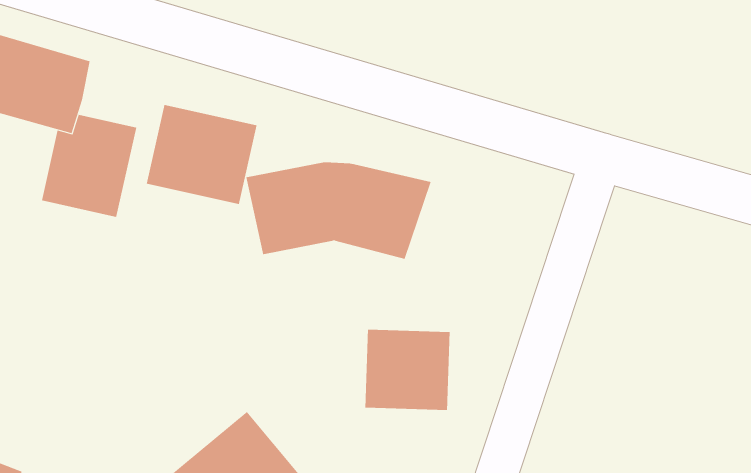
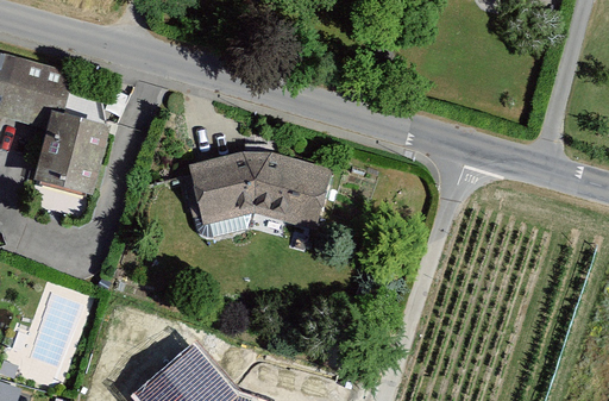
building: [146,104,257,205] -> none
building: [365,329,450,411] -> none

